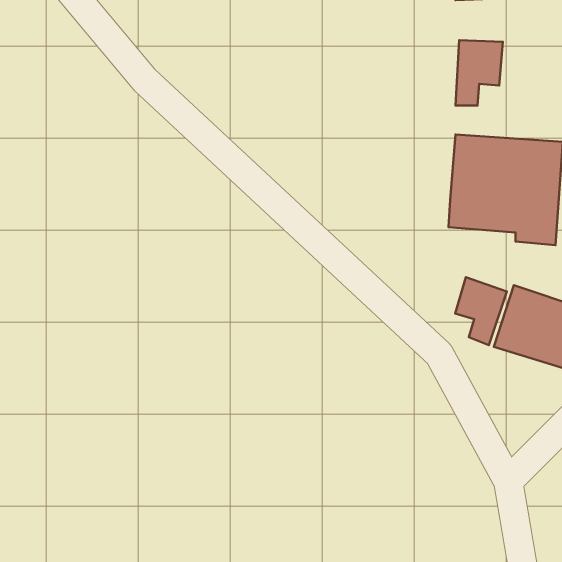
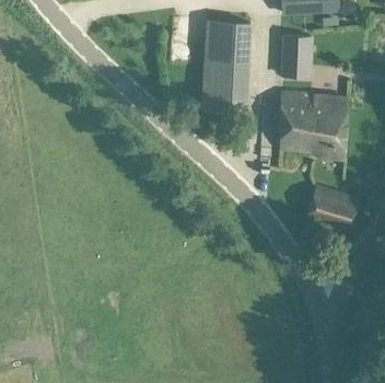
building: none -> [201,19,249,111]
building: [455,277,507,345] -> none

